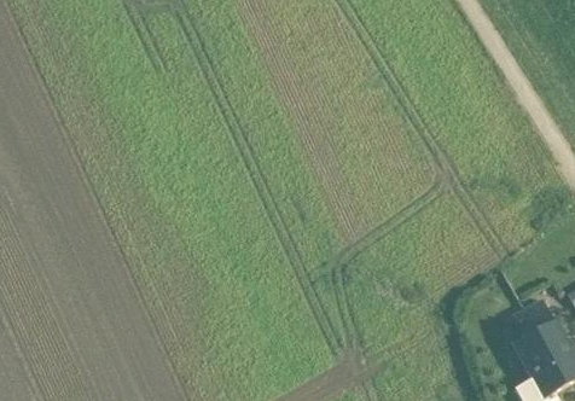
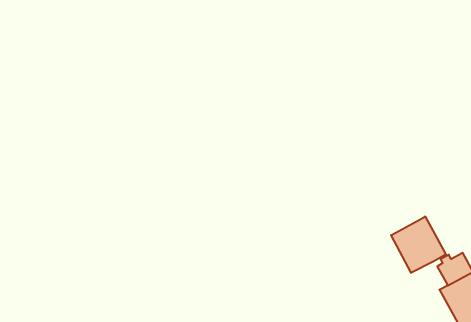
building: none -> [391,216,446,273]

